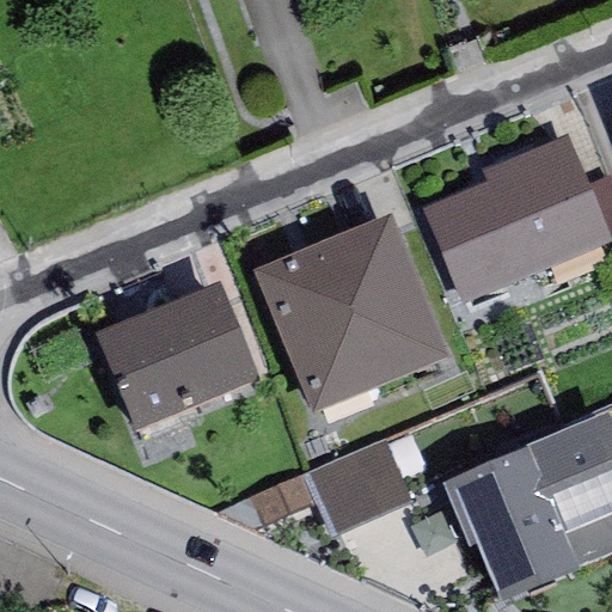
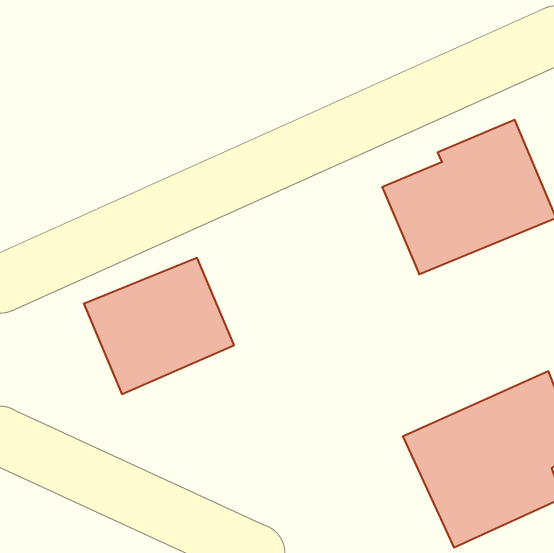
building: [255,214,451,410] -> none
building: [304,439,410,534] -> none

